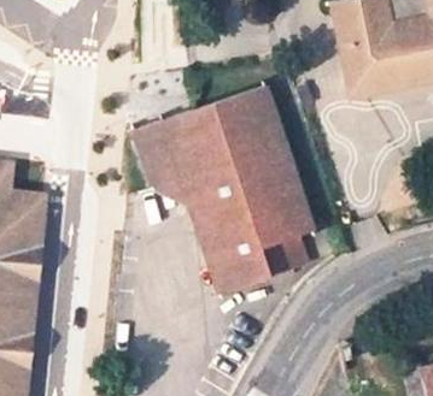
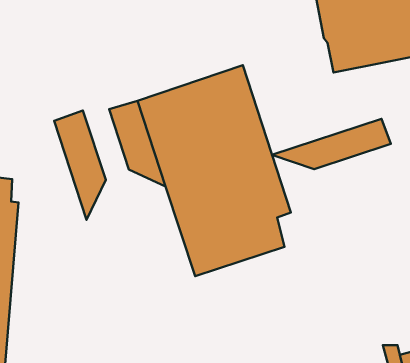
building: none -> [54,111,106,220]
building: none -> [272,119,391,169]

